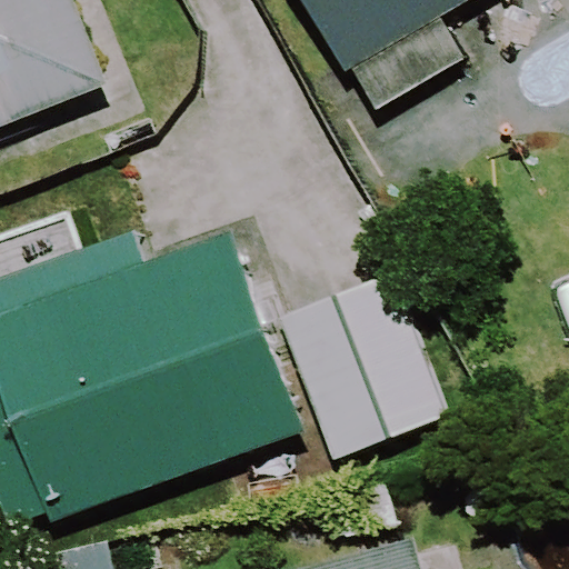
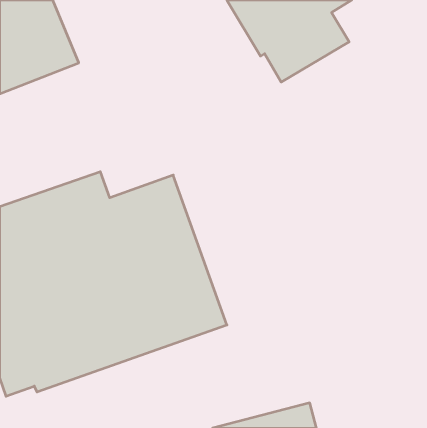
building: [279,271,449,458] -> none

